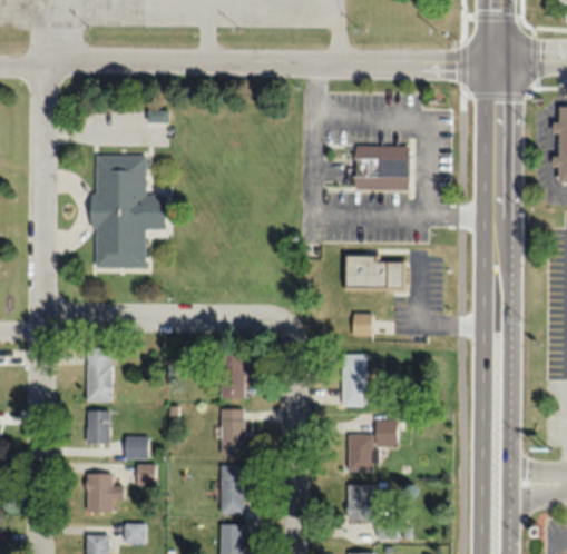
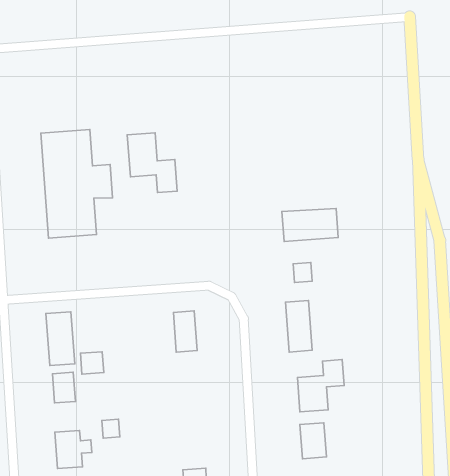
building: [324,144,410,190] -> none
building: none -> [127,133,177,193]
building: [221,409,245,456] -> none
building: [125,436,148,458] -> [80,352,104,374]
building: [221,465,244,514] -> none

